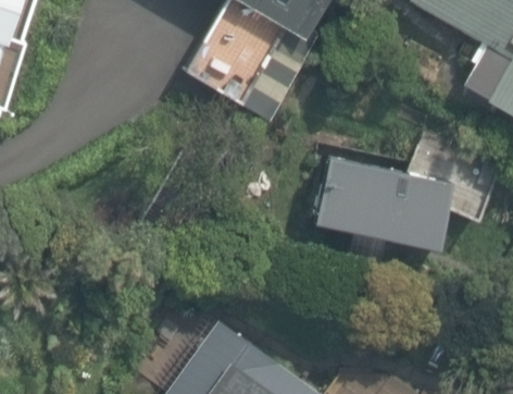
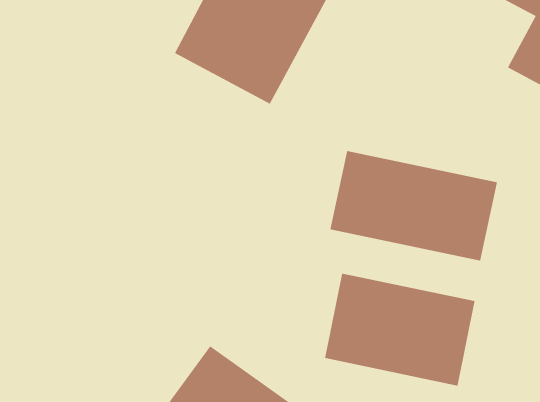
building: none -> [324,273,475,386]

